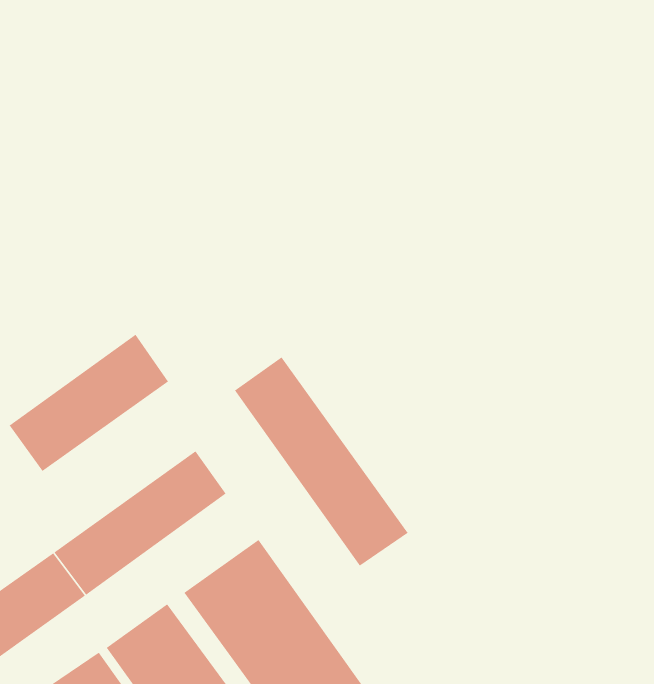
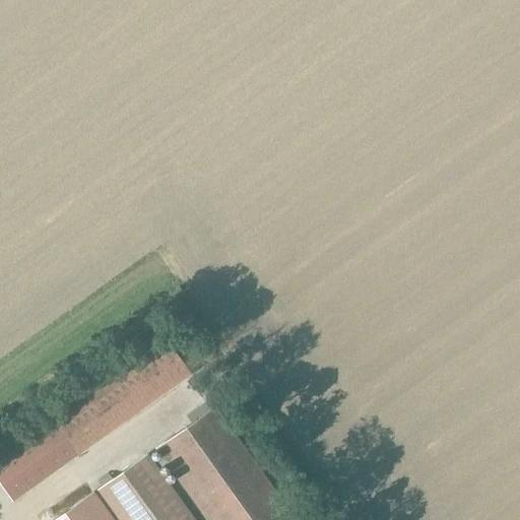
building: [9,334,169,472] -> none
building: [234,356,409,566] -> none

